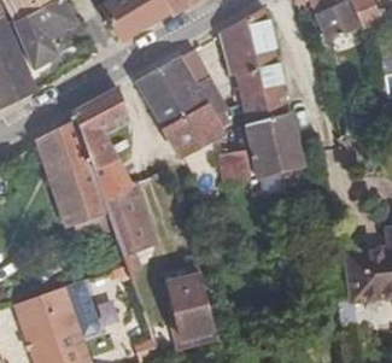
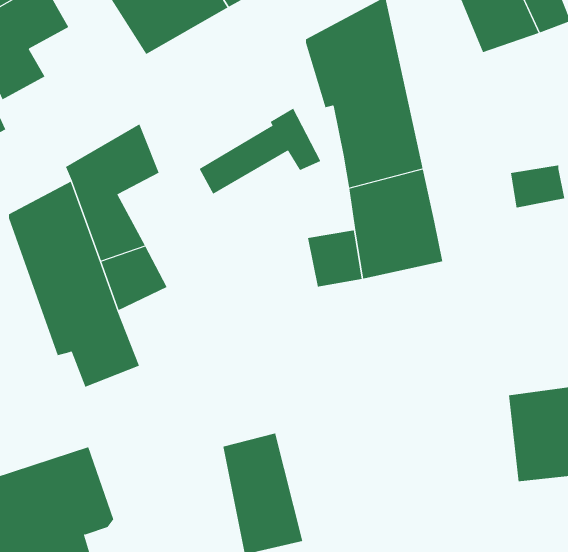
building: [135,55,198,112] -> none
building: [162,101,226,159] -> none
building: [104,185,154,254] -> none

